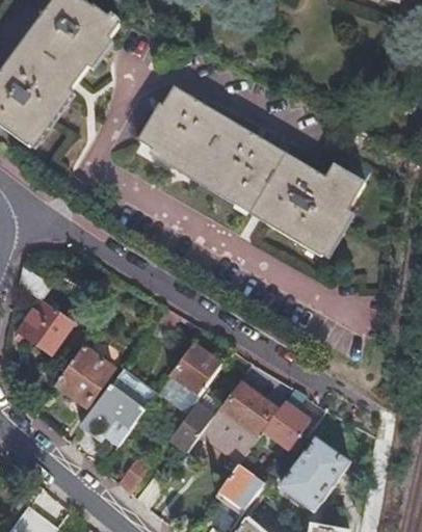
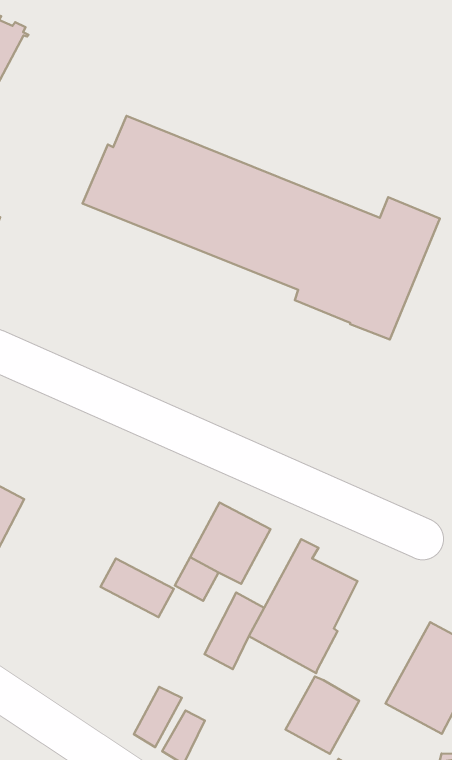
building: [56,347,113,406] -> none
building: [81,385,144,446] -> none
building: [262,389,318,454] -> none

